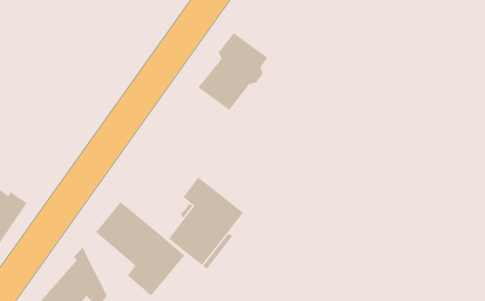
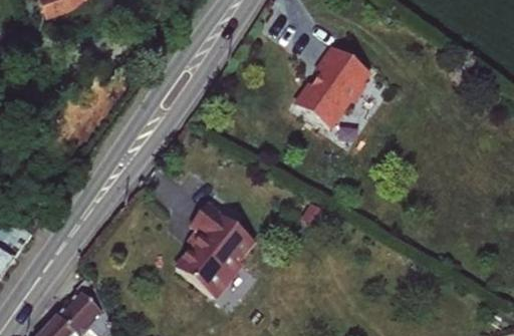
building: [198,32,268,111] -> [296,45,369,126]
building: [95,201,185,296] -> none

